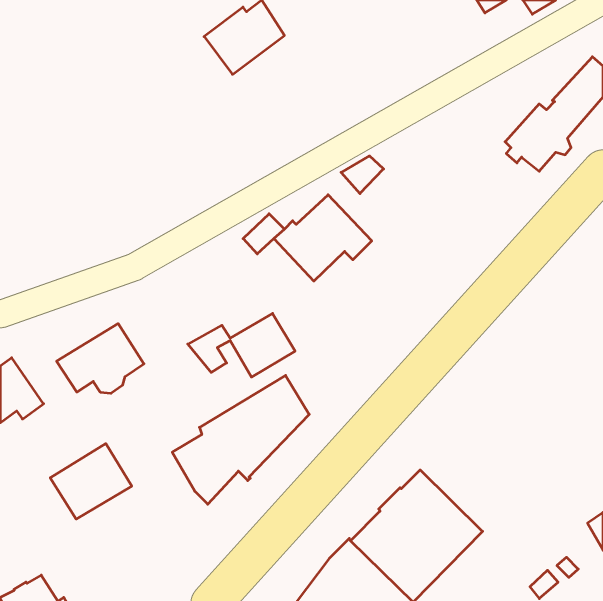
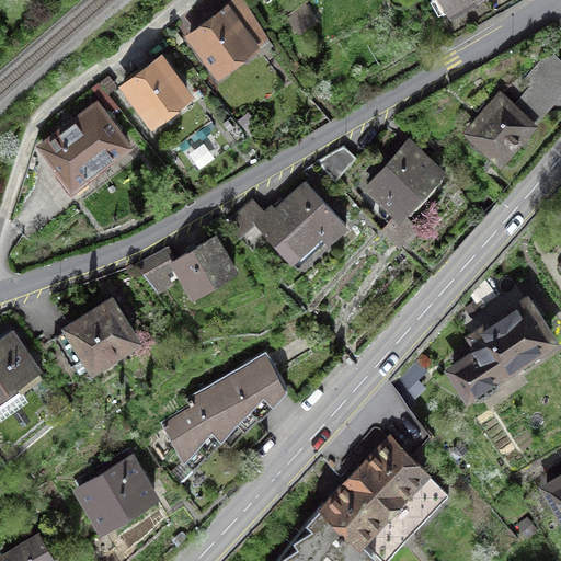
building: none -> [124,59,186,122]
building: none -> [42,106,126,187]
building: none -> [369,144,439,215]
building: [188,313,295,377] -> [135,238,234,297]
building: none -> [451,301,550,398]
building: [50,444,132,519] -> [78,457,153,527]

